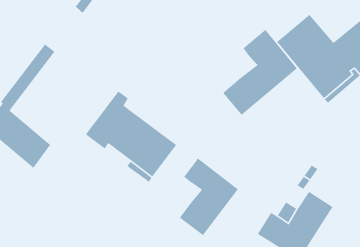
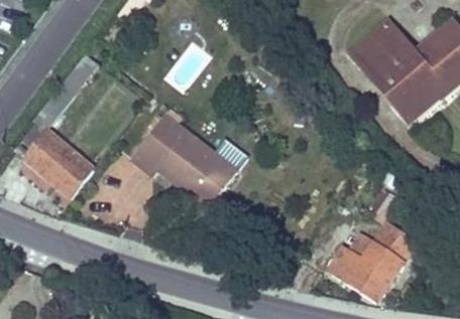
building: [222,29,298,116] -> none
building: [179,158,239,236] -> none

